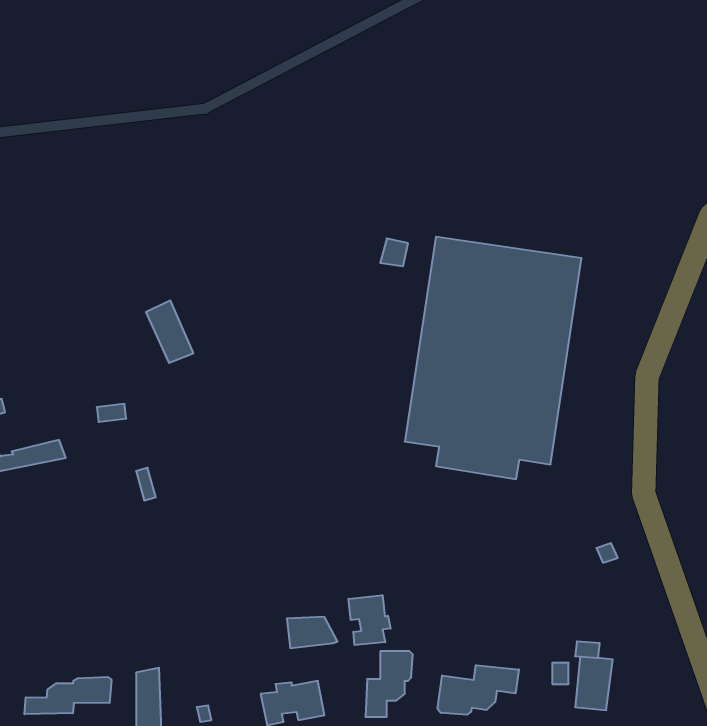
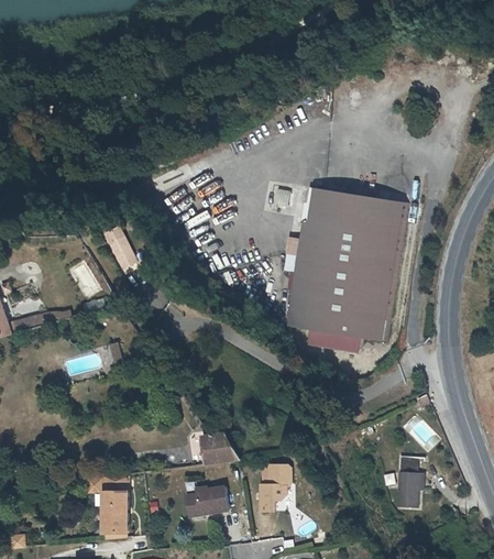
building: [349,595,391,645] -> none
building: [437,665,519,715] -> none
building: [24,677,111,714] -> none

